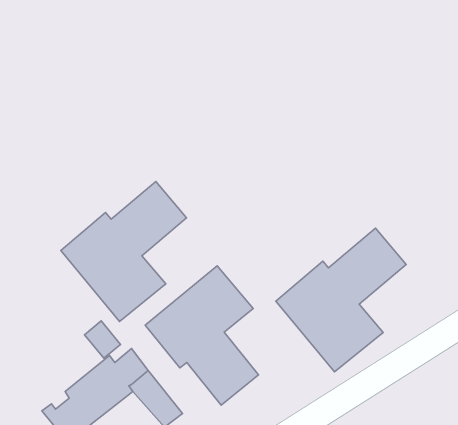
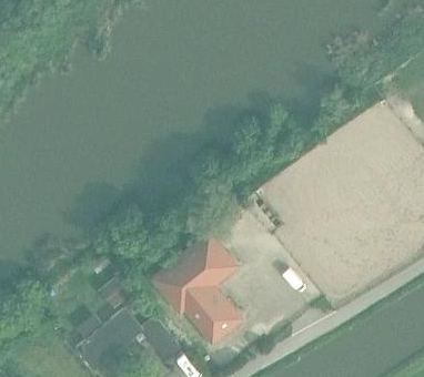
building: [61,181,187,322] -> none
building: [276,228,406,372] -> none

